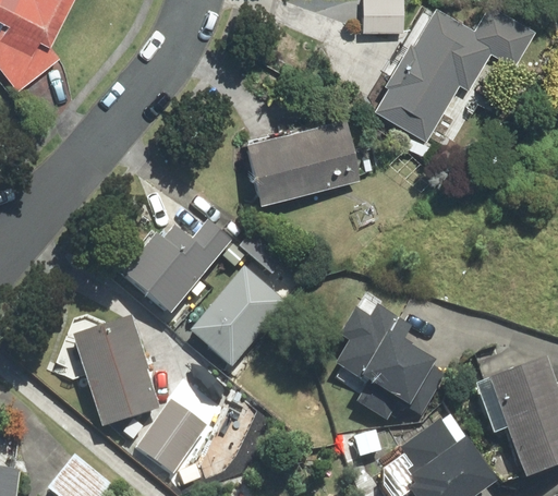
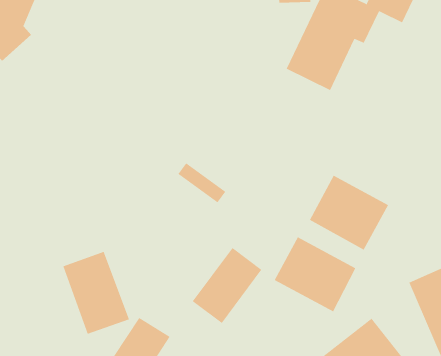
building: [236,121,353,205] -> none
building: [126,225,232,314] -> none
building: none -> [309,175,389,250]
building: [198,270,286,362] -> [192,247,262,324]

